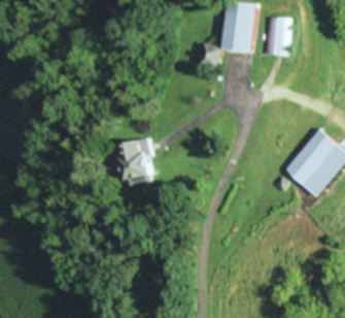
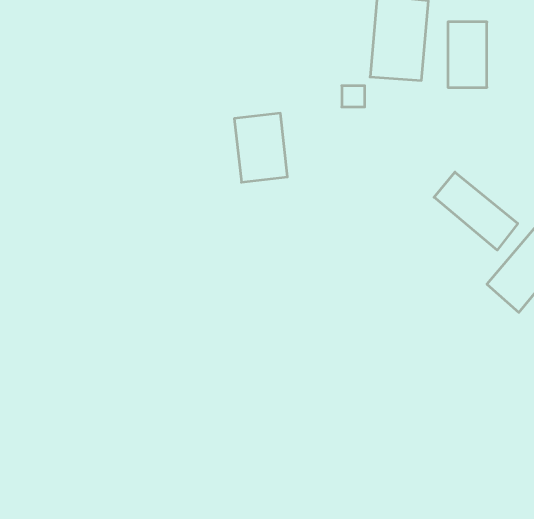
building: none -> [434,172,518,250]
building: [120,140,151,181] -> [234,113,287,182]

